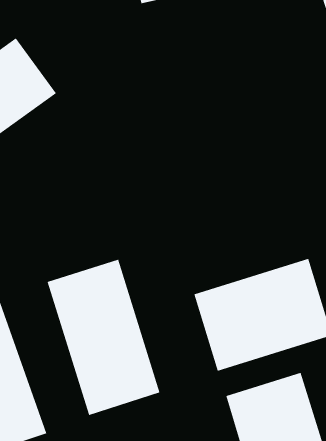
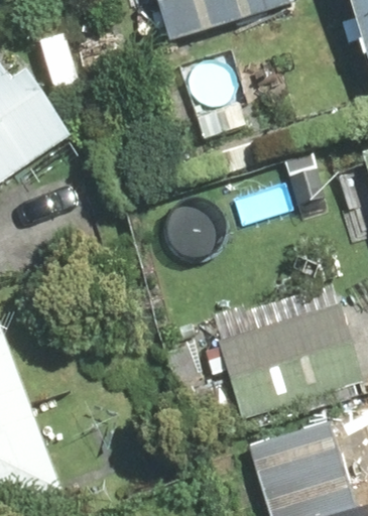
building: [47,259,160,416] -> none

